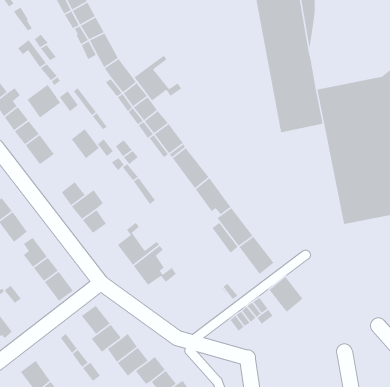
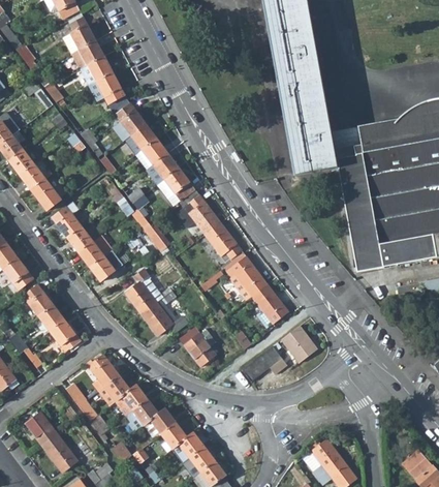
building: [133,55,182,102] -> none
building: [27,84,61,119] -> none
building: [71,128,100,159] -> [52,206,82,238]
building: none -> [179,326,216,367]

